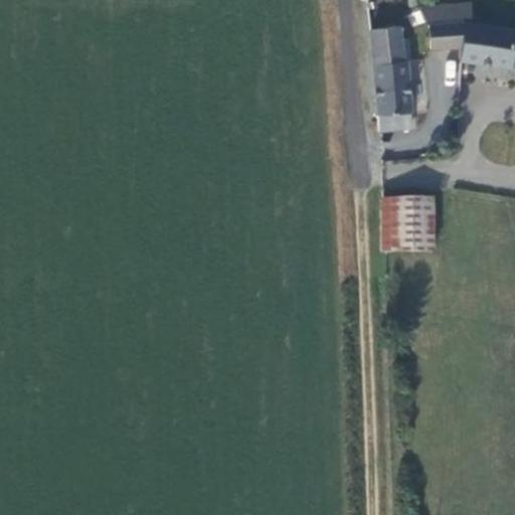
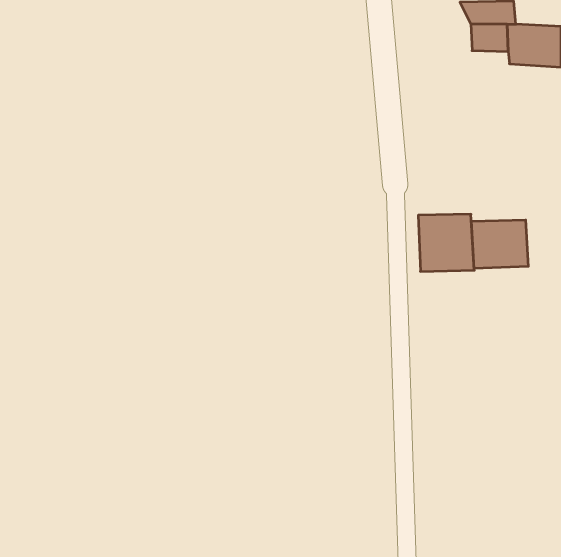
building: [370,24,414,127] -> none
building: none -> [471,220,528,268]

